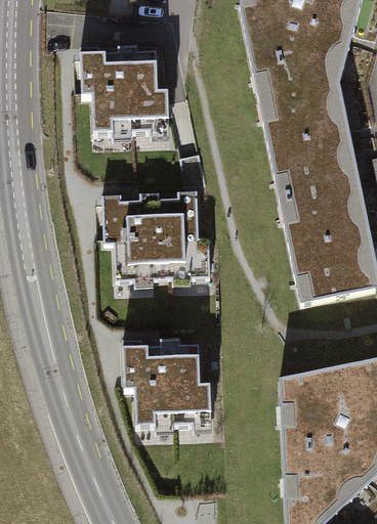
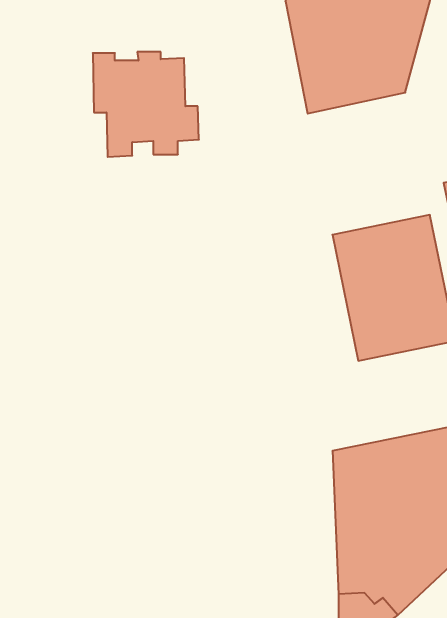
building: [259,81,361,199] -> none
building: [103,189,210,276] -> none
building: [124,339,212,426] -> none

